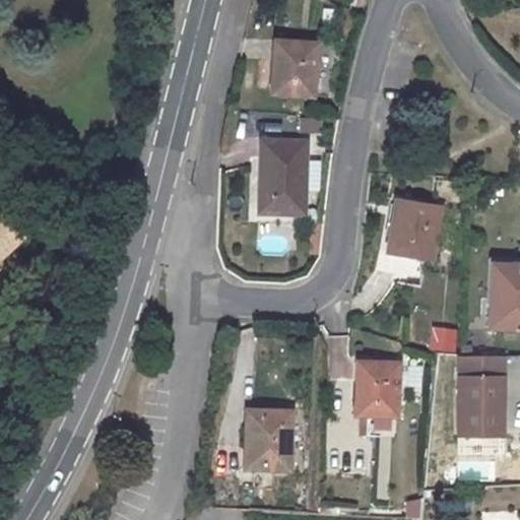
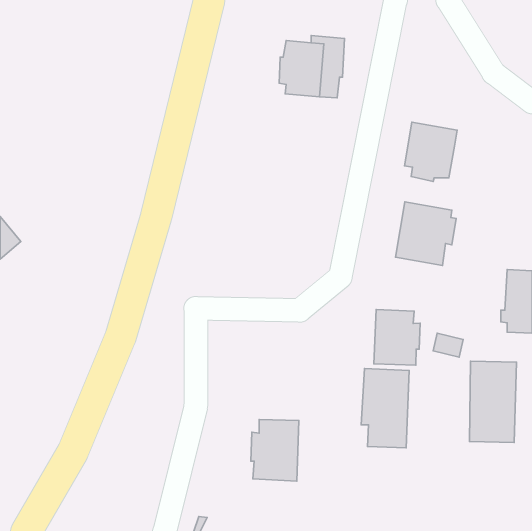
building: none -> [404,122,457,182]
building: [259,140,308,215] -> none
building: none -> [374,309,420,365]

